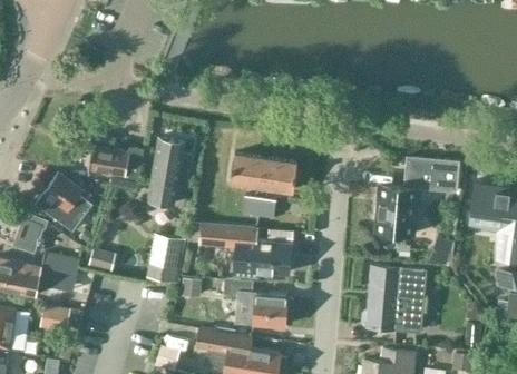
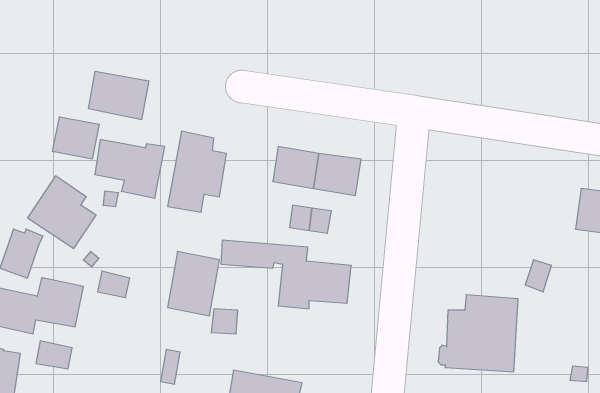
building: none -> [88,71,149,120]
building: none -> [52,117,99,159]
building: [373,156,459,236] -> none
building: [223,280,293,328] -> none

